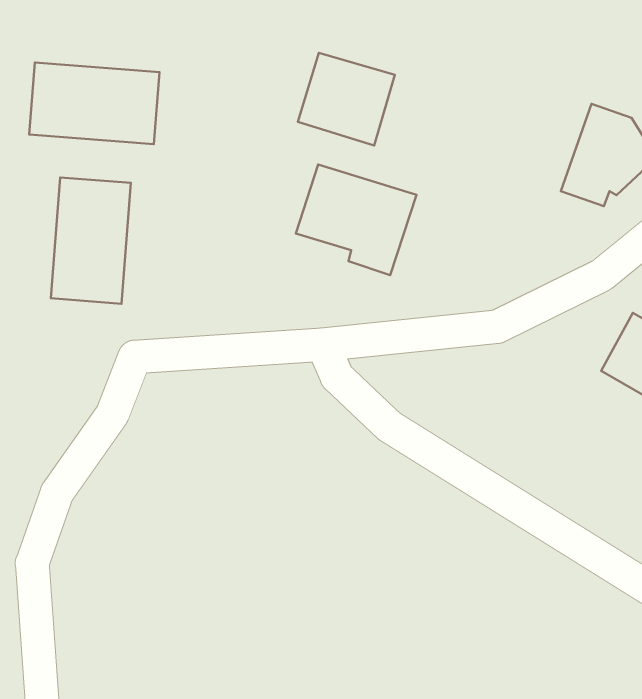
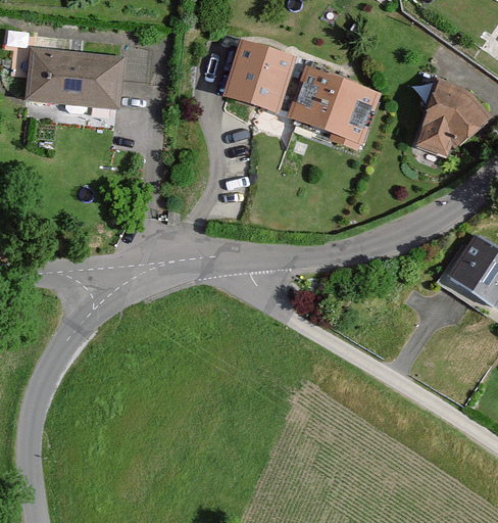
building: [296,164,416,275] -> [291,67,380,149]
building: [51,177,131,304] -> none

